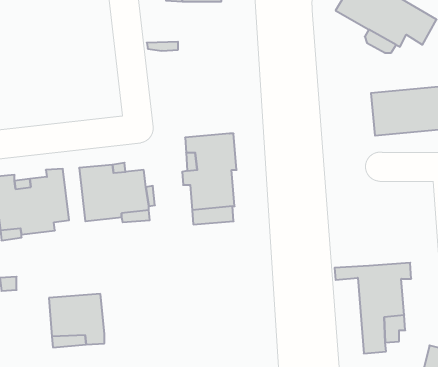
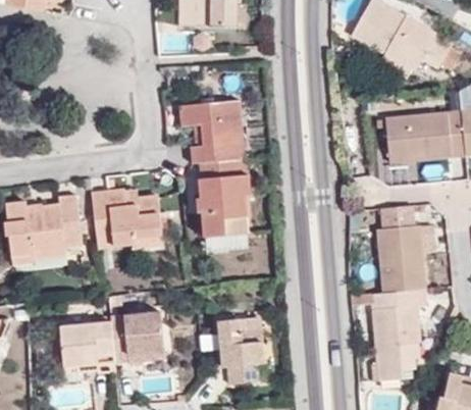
building: none -> [179,100,243,163]
building: none -> [378,206,425,292]
building: none -> [112,311,165,361]
building: none -> [217,317,265,383]

